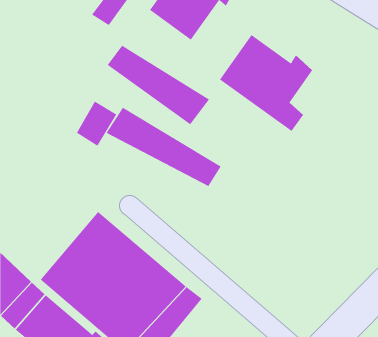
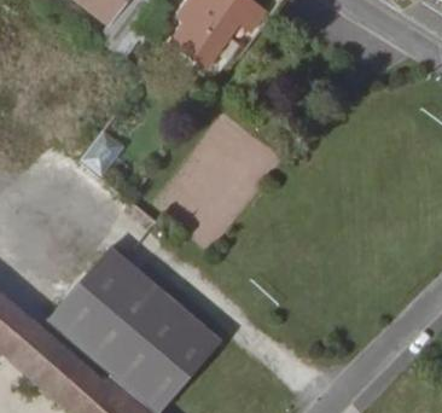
building: [219,34,313,132] -> none
building: [107,45,210,125] -> none
building: [106,107,222,187] -> none

